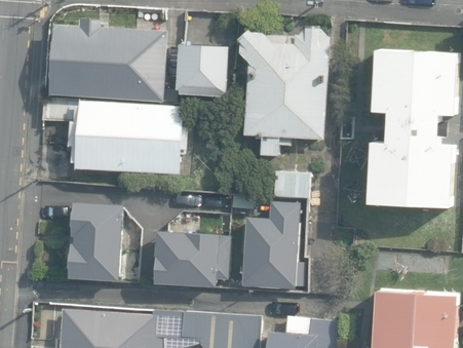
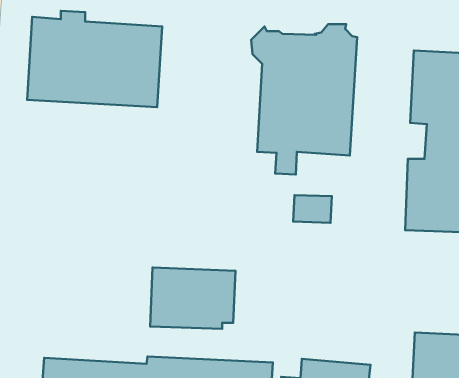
building: [175,41,227,92] -> none
building: [38,96,185,170] -> none
building: [241,200,302,287] -> none
building: [66,202,121,281] -> none

